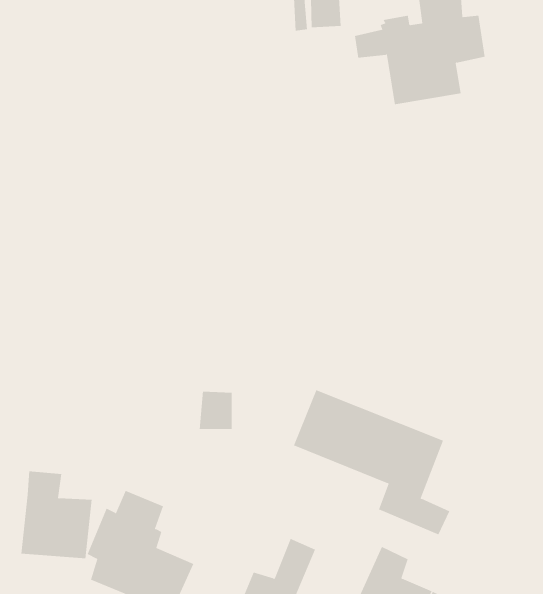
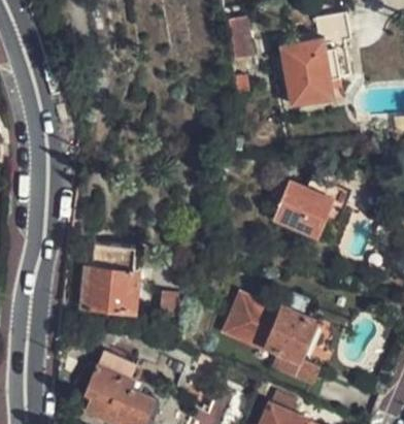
building: none -> [271,177,349,239]
building: [21,471,93,559] -> [90,256,136,313]

